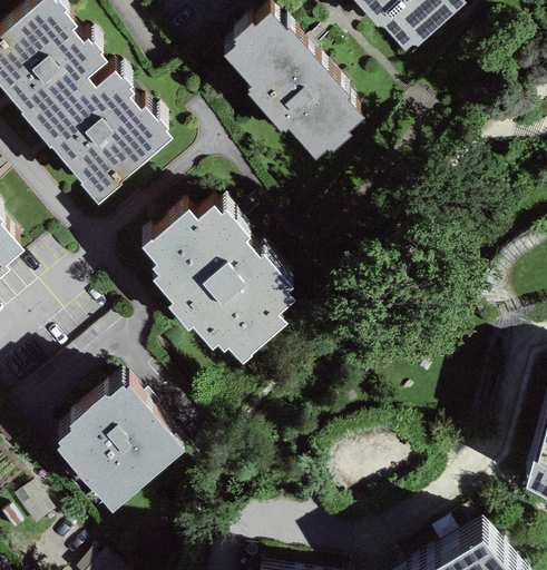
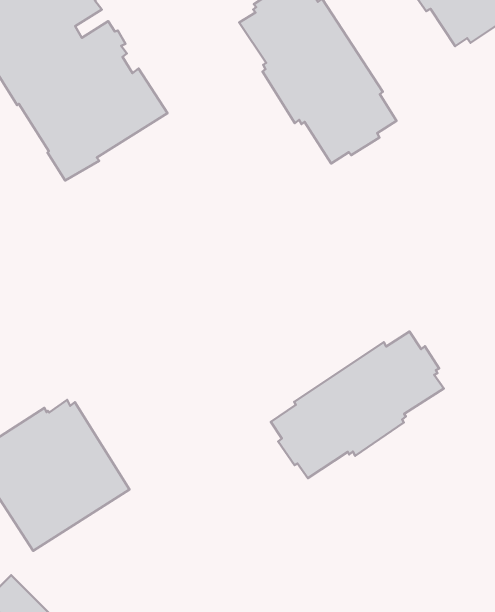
building: [141,204,296,364] -> none
building: none -> [271,331,444,478]

